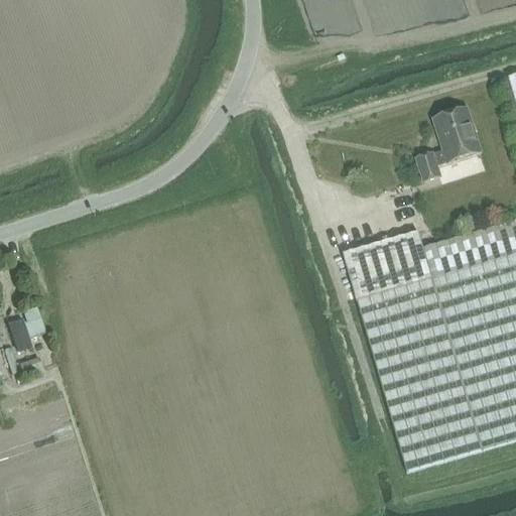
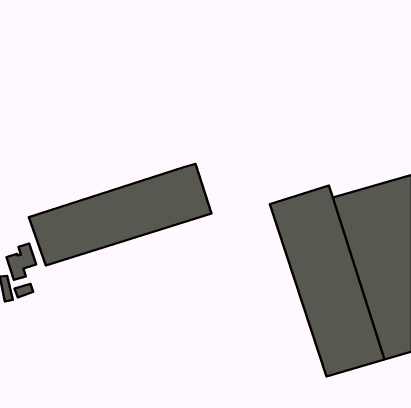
building: [419,107,483,179] -> none
building: none -> [29,164,212,266]

